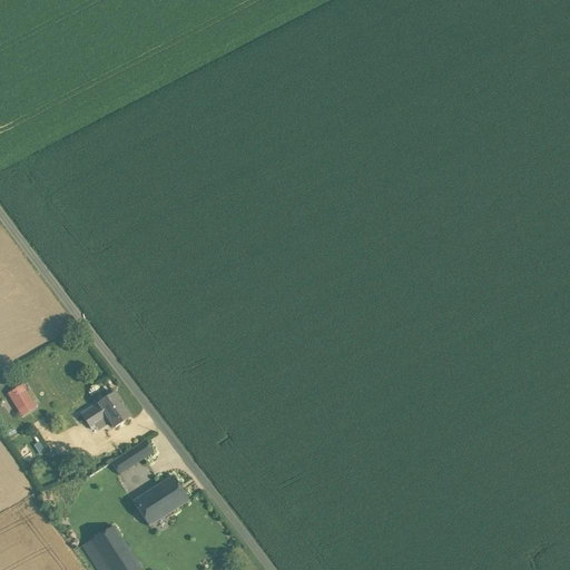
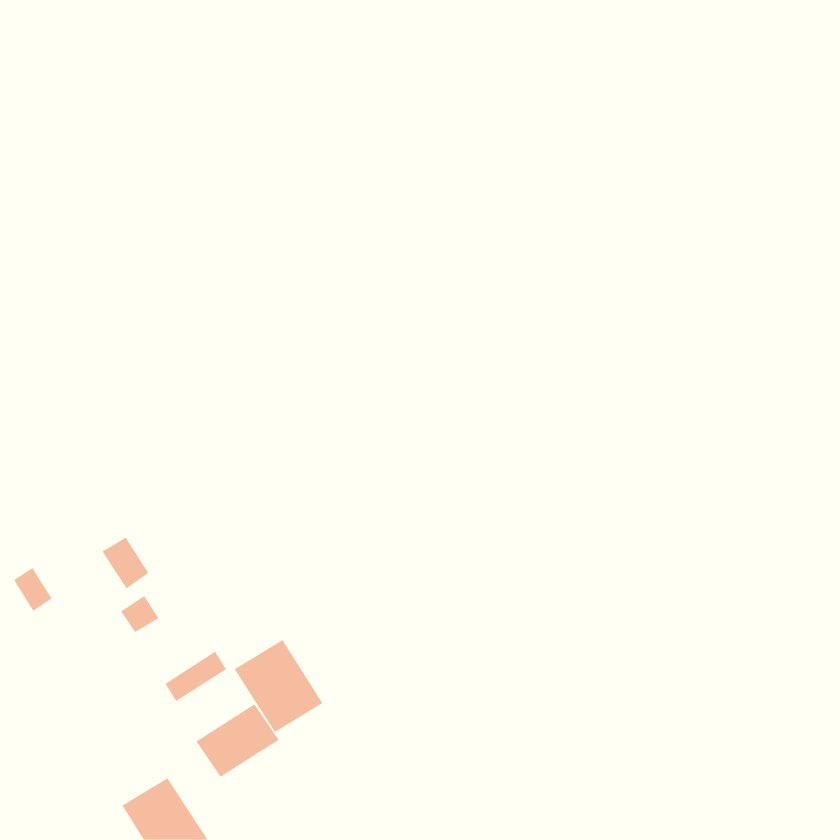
building: [98,393,130,429] -> [102,537,149,589]
building: none -> [234,639,323,733]

